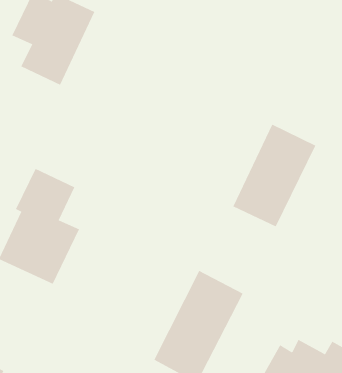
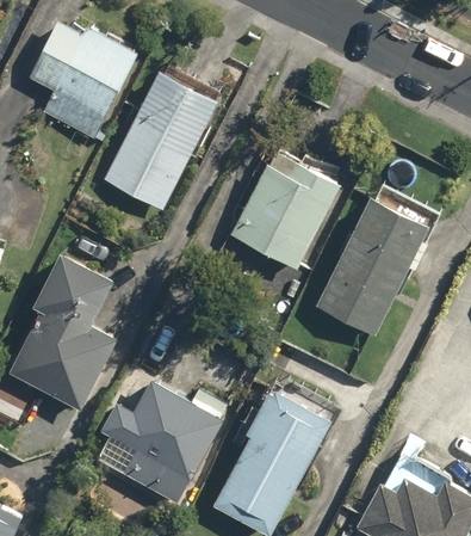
building: none -> [104,74,215,211]
building: none -> [230,160,341,269]
building: none -> [100,380,224,493]

